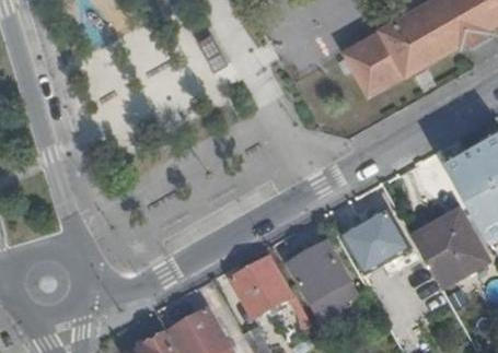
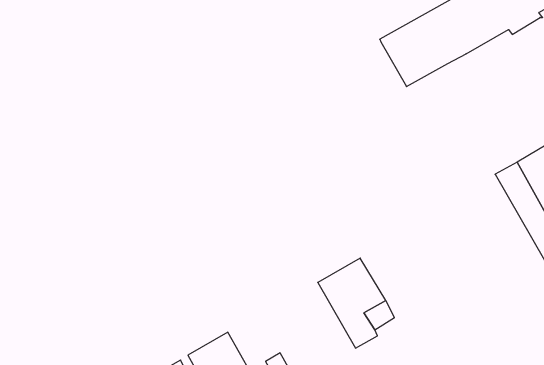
building: [344,210,409,273] -> none
building: [416,215,483,283] -> none
building: [231,259,310,329] -> none

